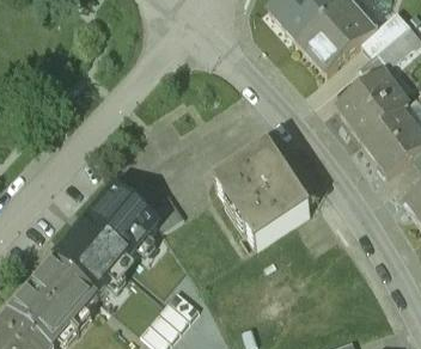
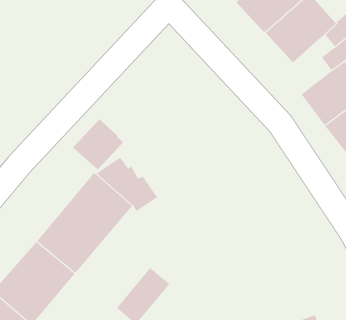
building: none -> [72,119,124,170]
building: [213,146,309,244] -> none

